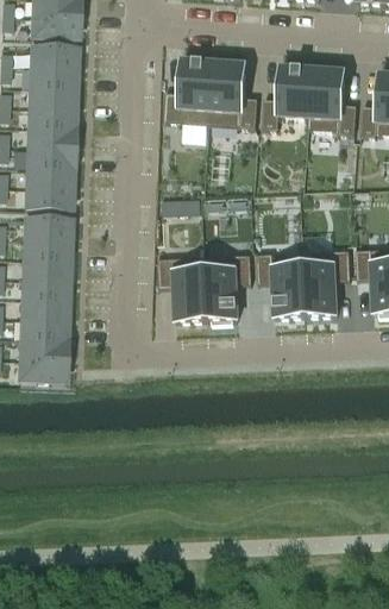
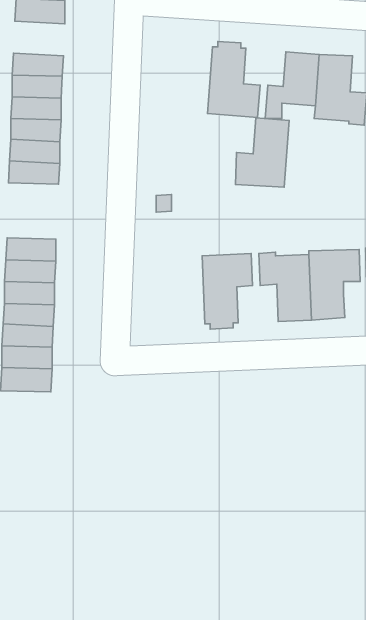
building: [30,48,76,70] -> none
building: [164,59,214,124] -> [235,118,289,187]
building: [25,188,71,211] -> none
building: [24,218,70,240] -> none
building: [158,256,207,320] -> none

